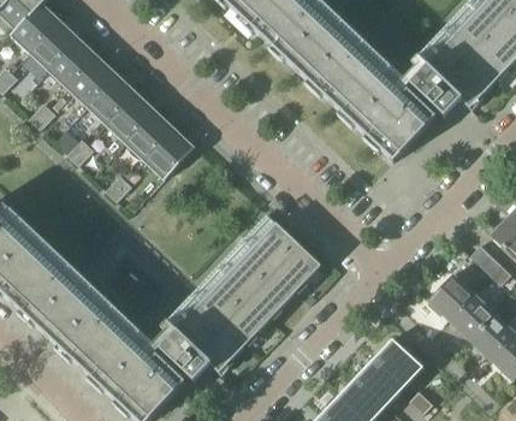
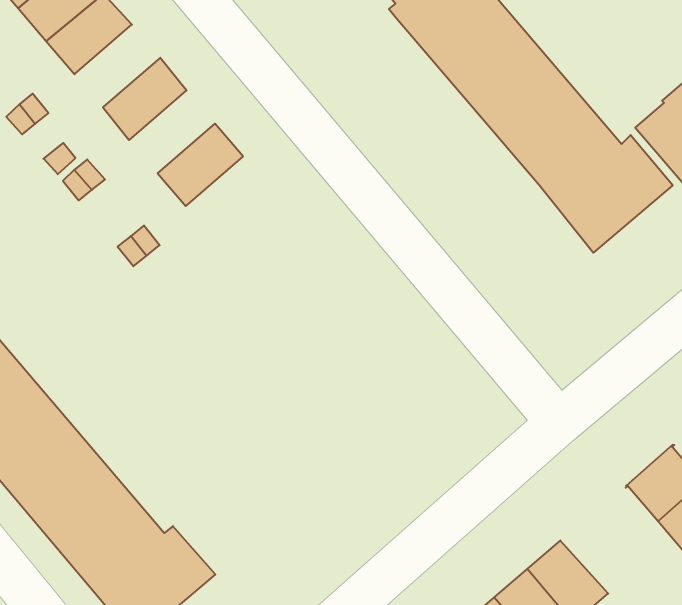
building: [67,54,118,106] -> none
building: [105,90,155,142] -> none
building: [143,126,195,179] -> none
building: [159,221,320,380] -> none

